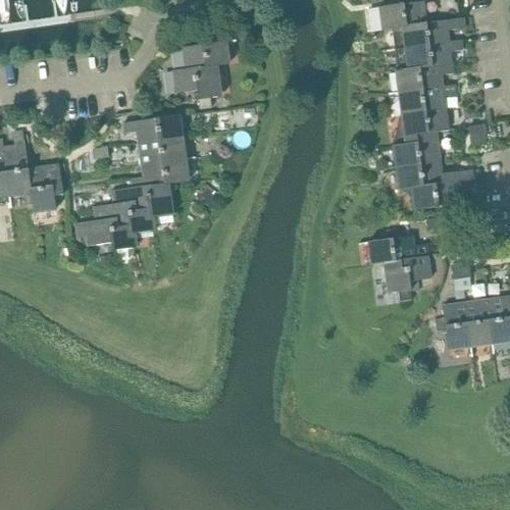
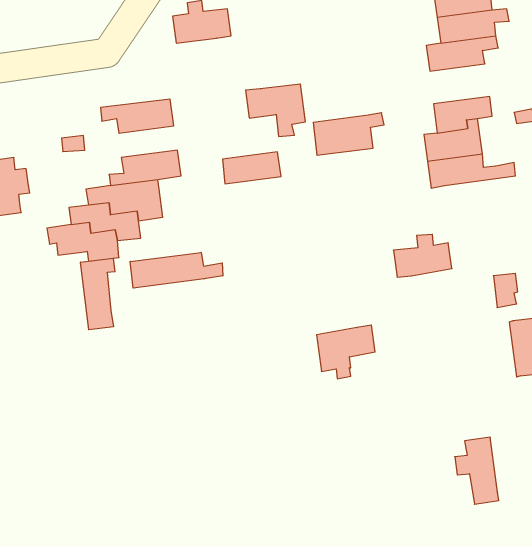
building: [172,64,222,108] -> [246,84,305,136]
building: [397,84,456,119] -> [313,113,384,155]
building: [137,138,186,164] -> [223,152,281,184]
building: [409,180,469,209] -> none
building: none -> [130,252,223,288]
building: none -> [81,258,115,330]
building: [381,255,430,300] -> [317,325,375,379]
building: [434,302,470,358] -> [455,437,499,504]

